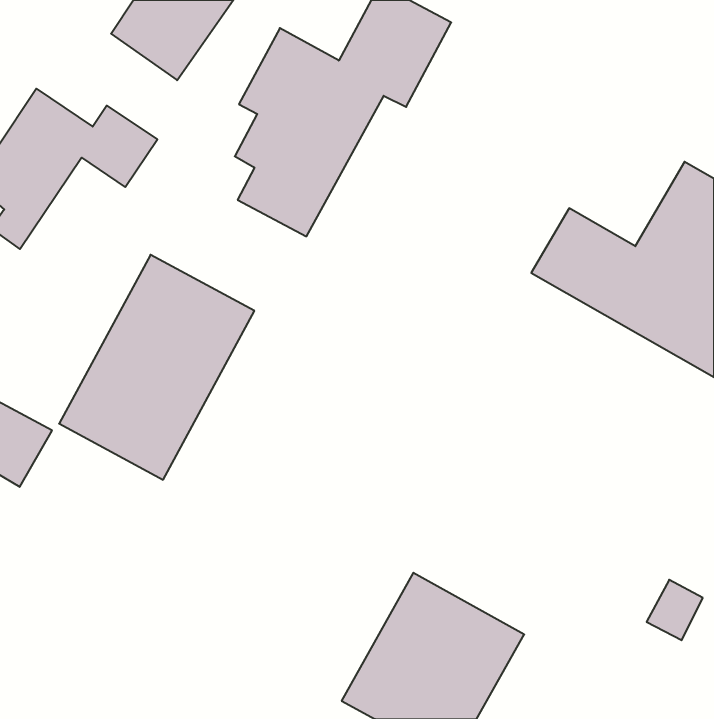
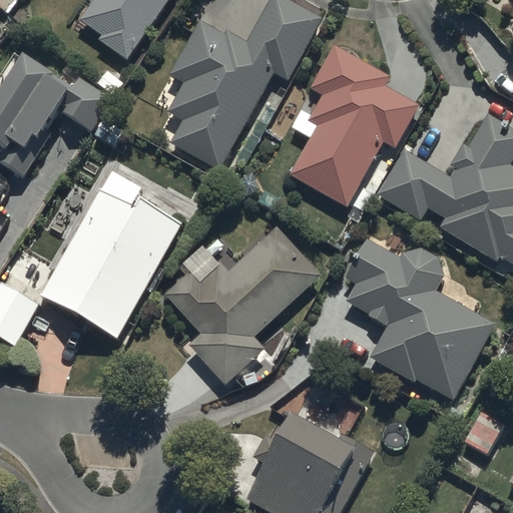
building: none -> [290,44,419,205]
building: none -> [166,222,322,383]
building: none -> [345,236,497,401]

